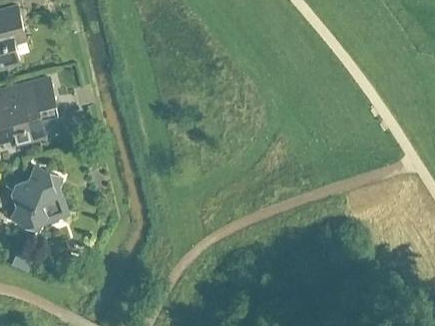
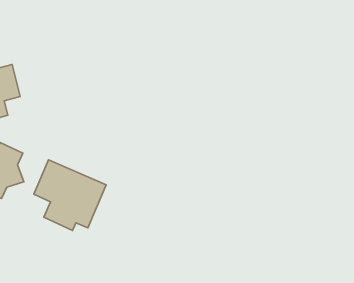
building: none -> [34,160,106,231]

